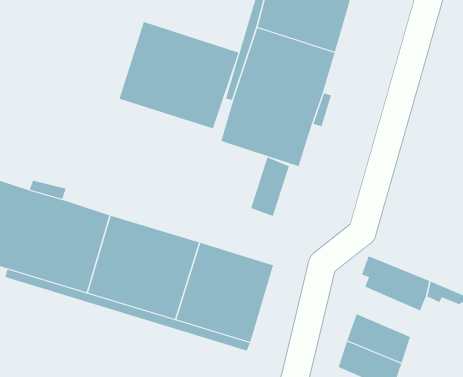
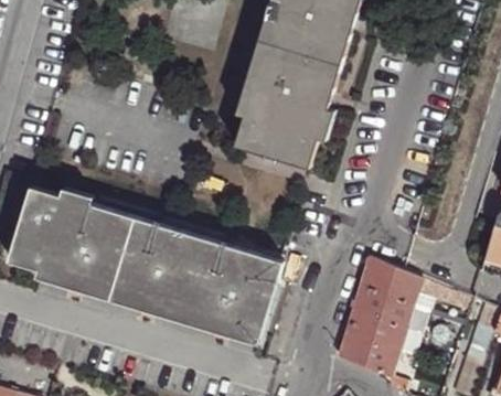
building: [119,21,239,129] -> none
building: [250,156,289,217] -> none
building: none -> [358,283,416,329]

